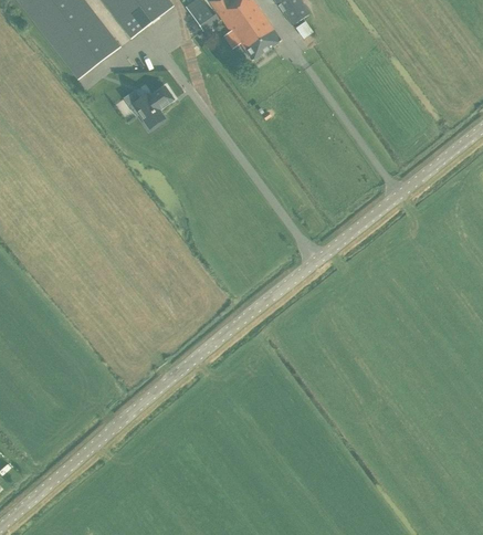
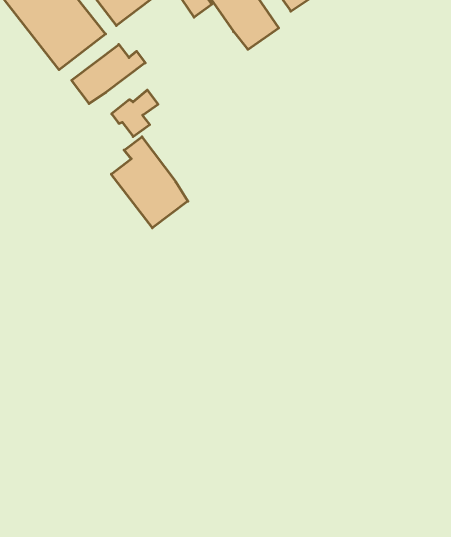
building: none -> [72,44,145,104]
building: none -> [111,137,188,228]

